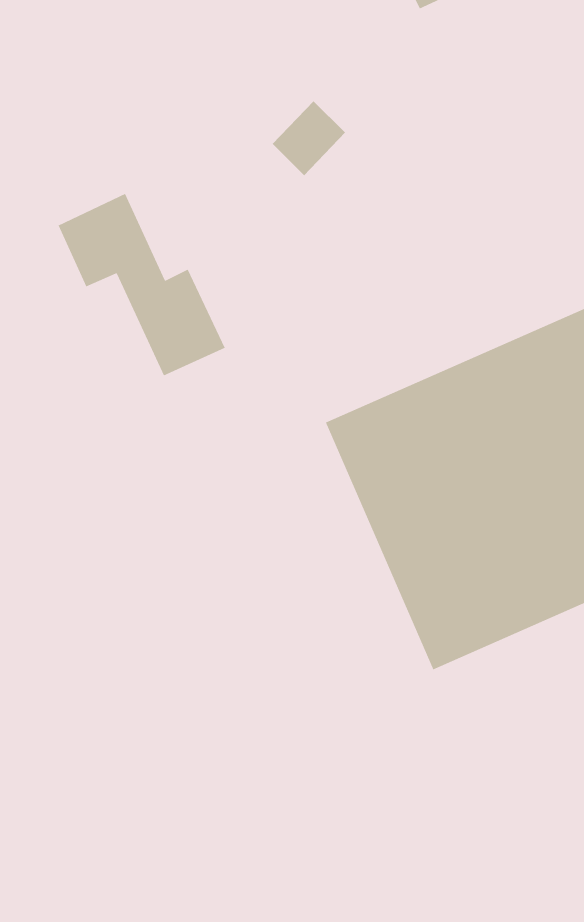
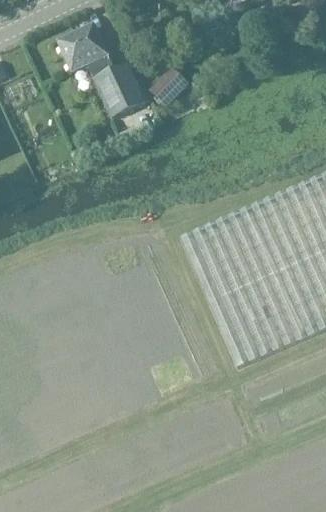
building: [57,193,226,376] -> [59,23,148,120]

